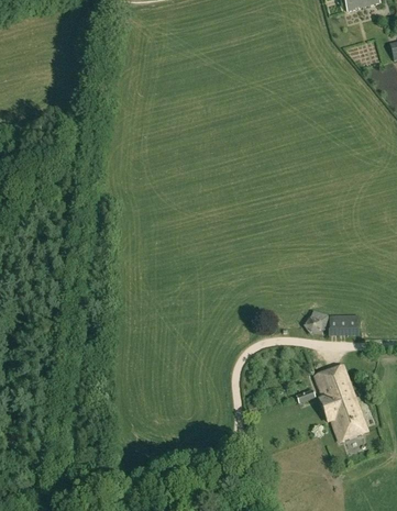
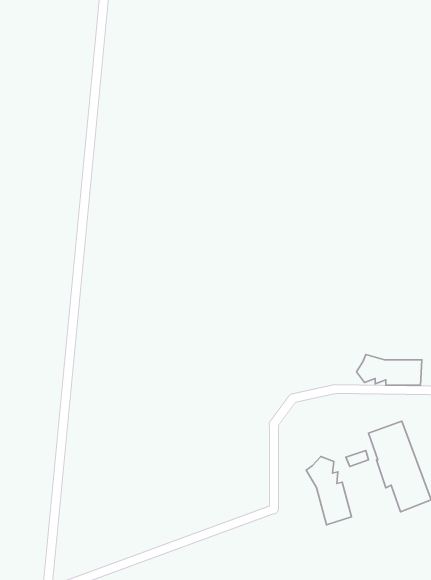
building: none -> [306,456,351,525]

